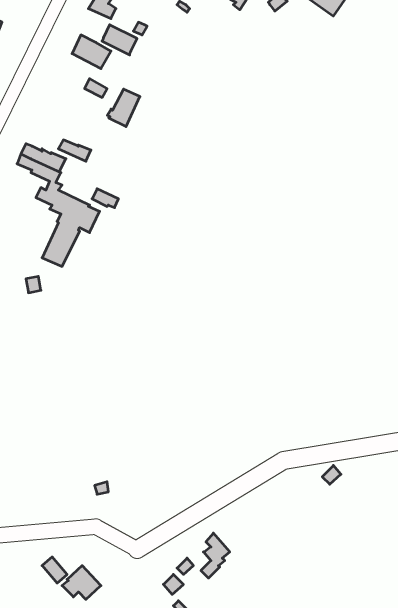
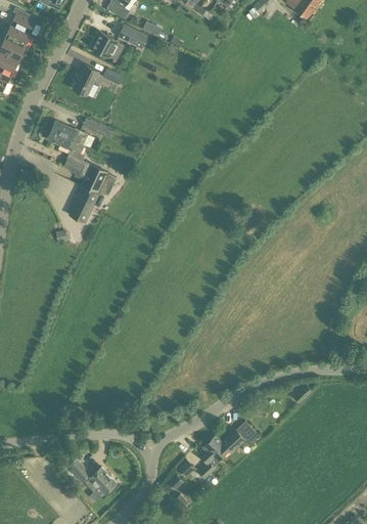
building: [107,89,140,127] -> [72,66,98,96]
building: none -> [209,421,259,455]

